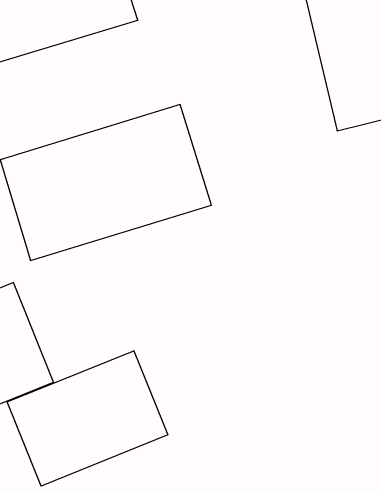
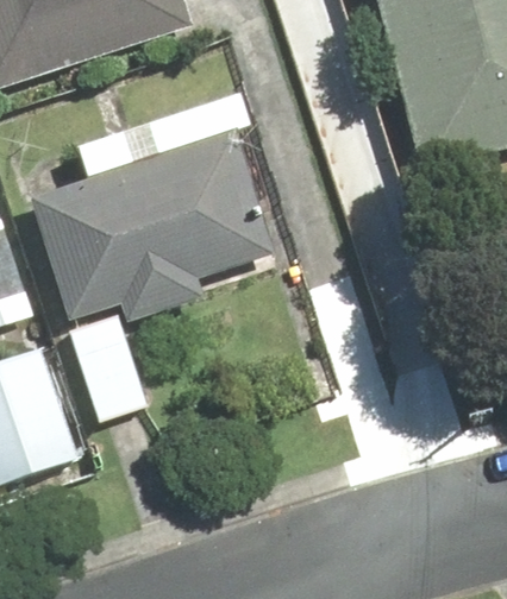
building: [7,351,168,486] -> none

